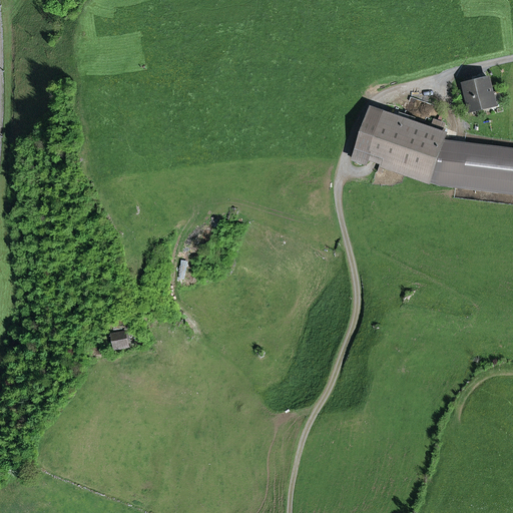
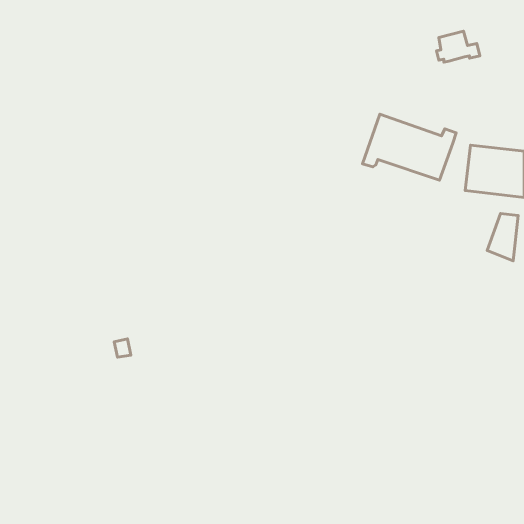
building: [461,76,503,106] -> [437,31,480,62]
building: [428,139,458,185] -> [487,213,518,261]

